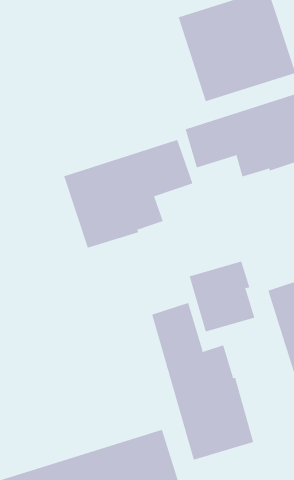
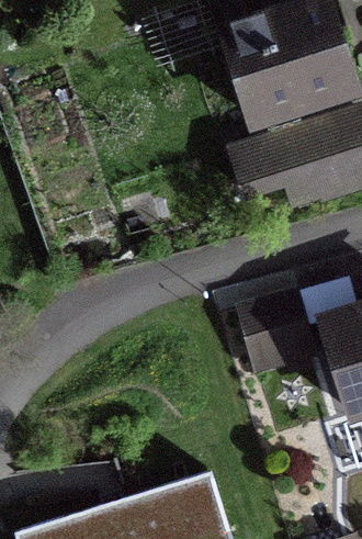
building: [64,139,193,248] -> none
building: [151,302,254,461] -> none

